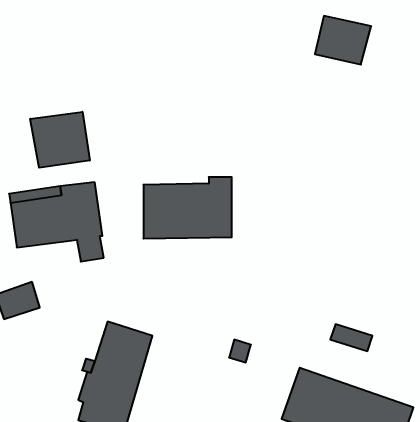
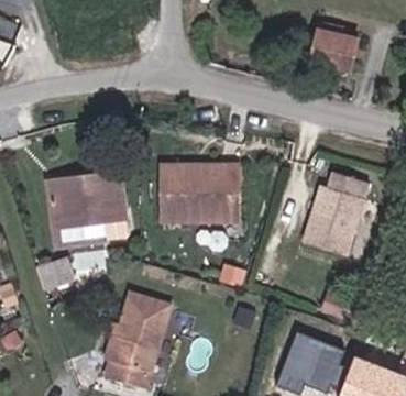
building: [30,112,90,168] -> none
building: none -> [304,172,369,255]

